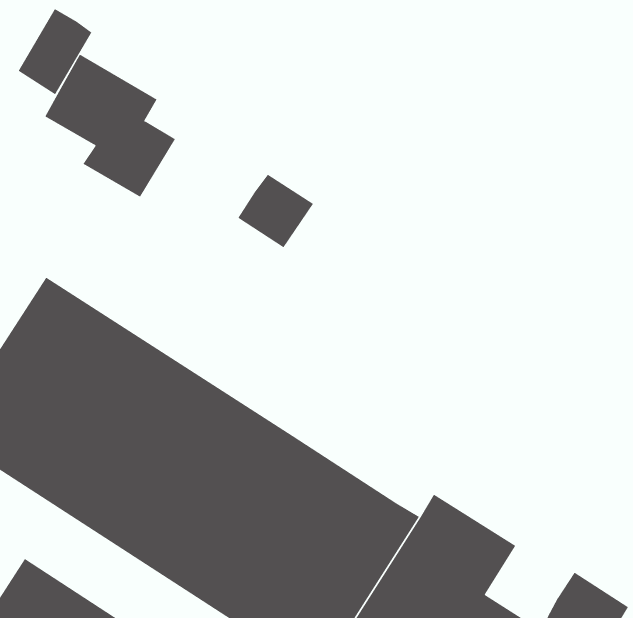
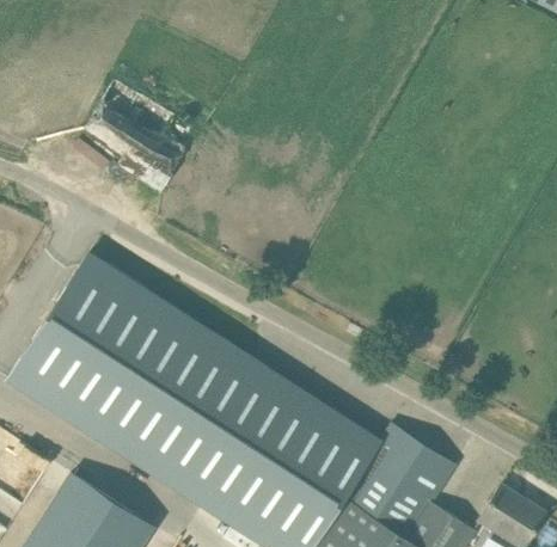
building: [18,8,92,95] -> none
building: [238,174,314,248] -> none

